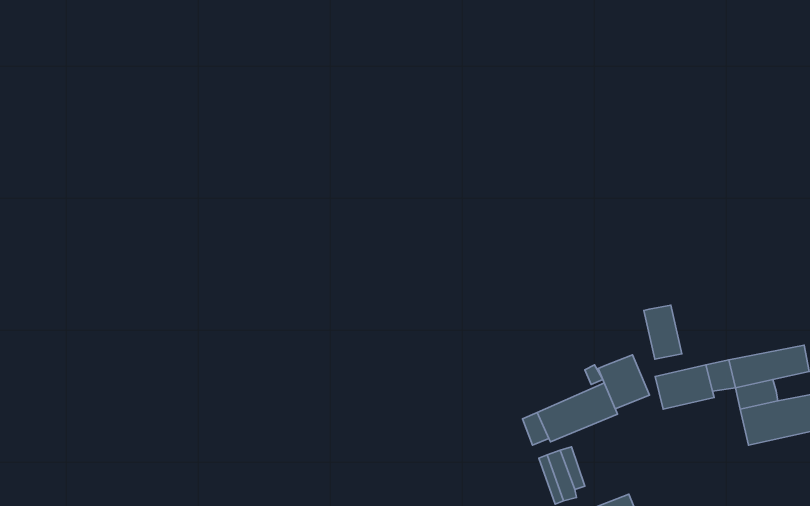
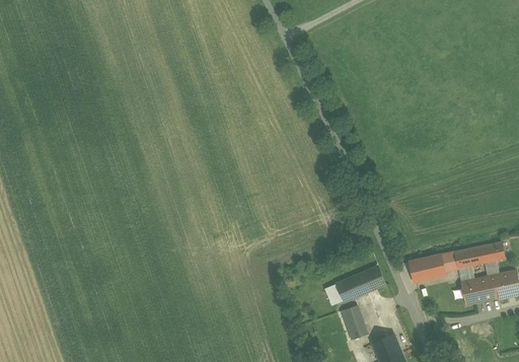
building: [644,305,682,359] -> none
building: [598,355,650,409] -> none

